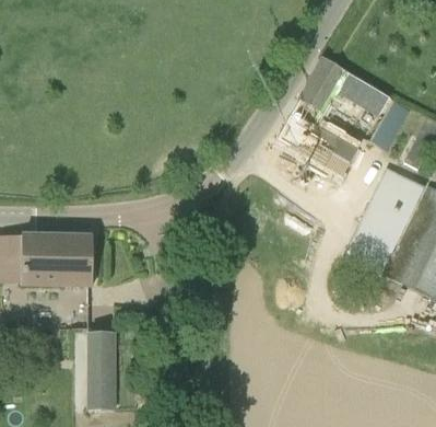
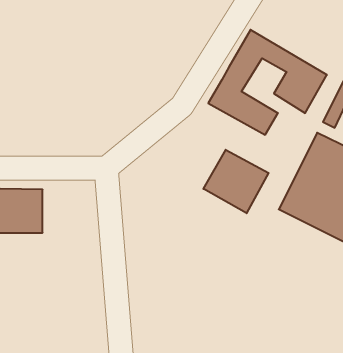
building: none -> [203,150,269,213]
building: [87,331,113,407] -> none

